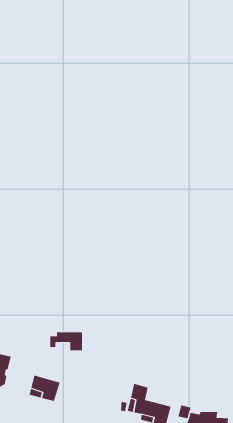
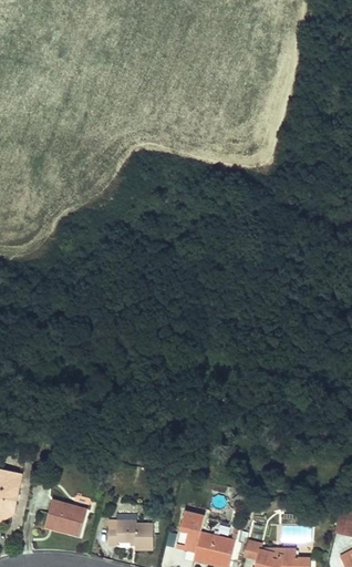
building: [50,332,83,351] -> [107,523,152,548]

